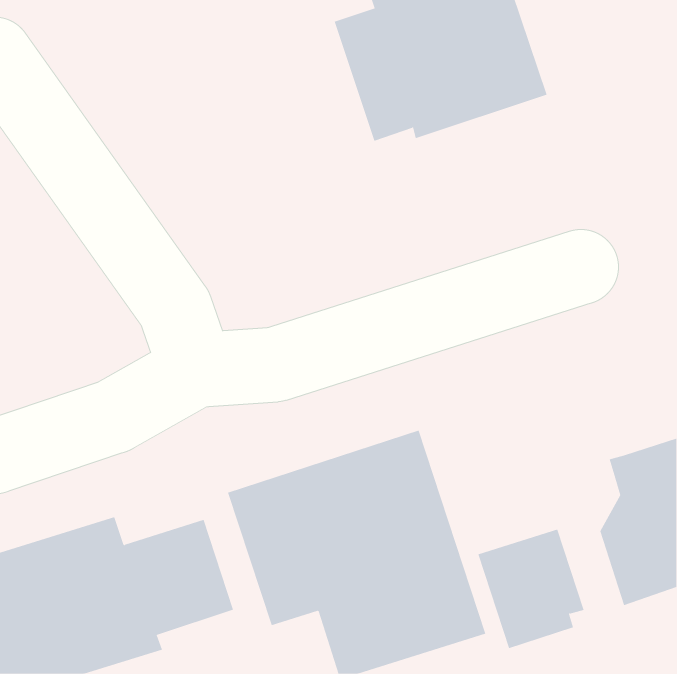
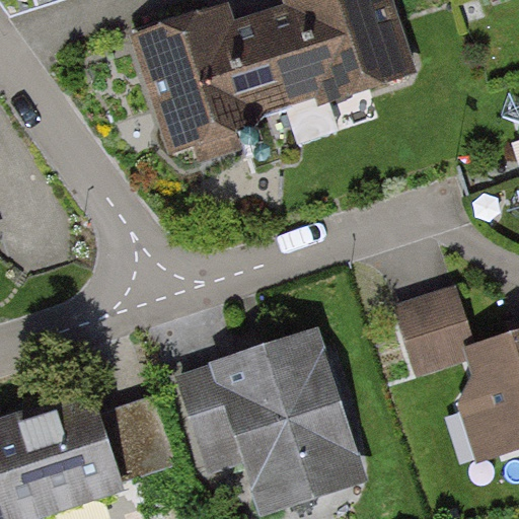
building: none -> [128,4,284,155]
building: [478,529,584,649] -> [392,284,473,375]

